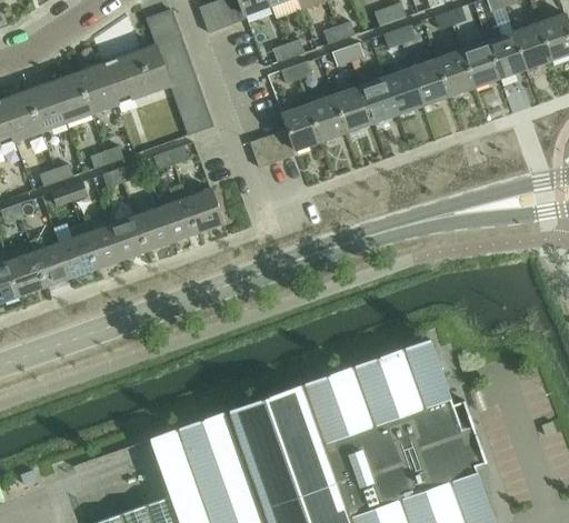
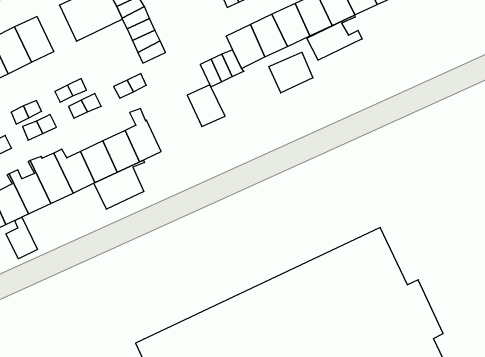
building: [78,63,118,113] -> none
building: none -> [307,15,362,60]
building: none -> [269,52,313,93]
building: [186,189,224,233] -> [187,85,225,127]
building: none -> [94,160,144,209]
building: none -> [6,217,38,259]

